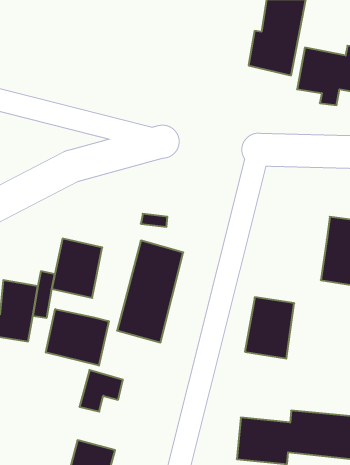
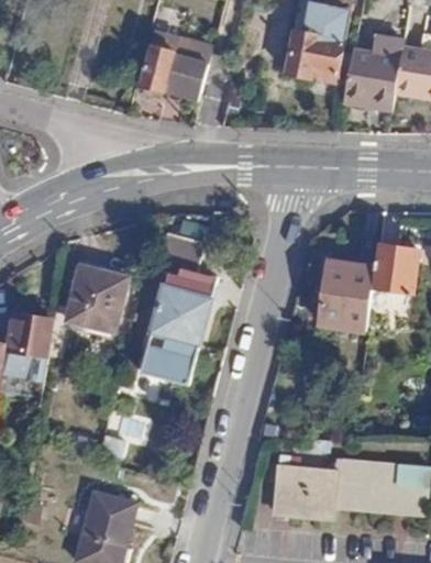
building: none -> [136,33,205,97]
building: [245,297,294,359] -> [318,261,373,329]
building: [46,309,109,366] -> none

